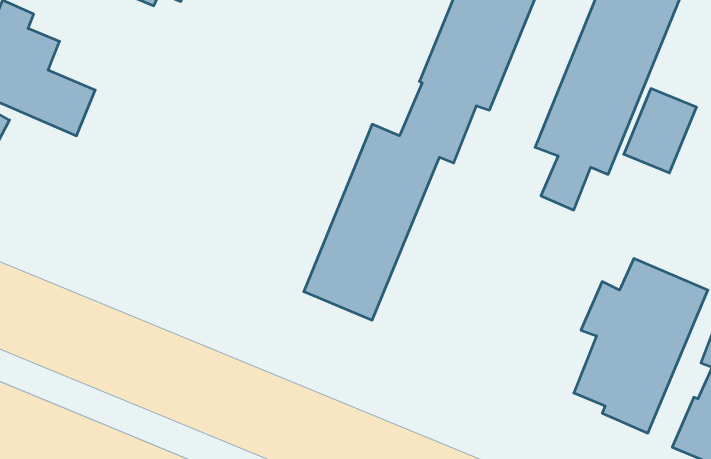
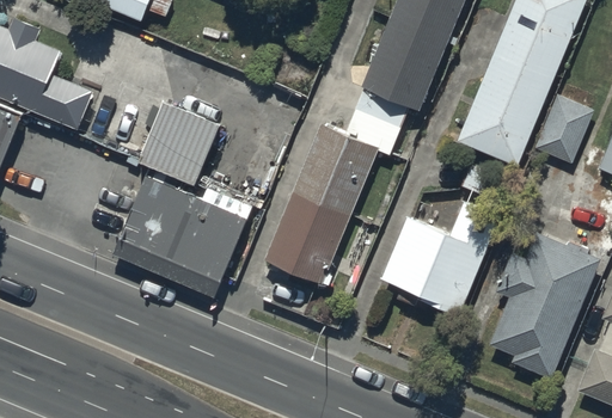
building: none -> [137,102,218,185]
building: none -> [110,174,244,293]
building: none -> [381,201,501,316]

